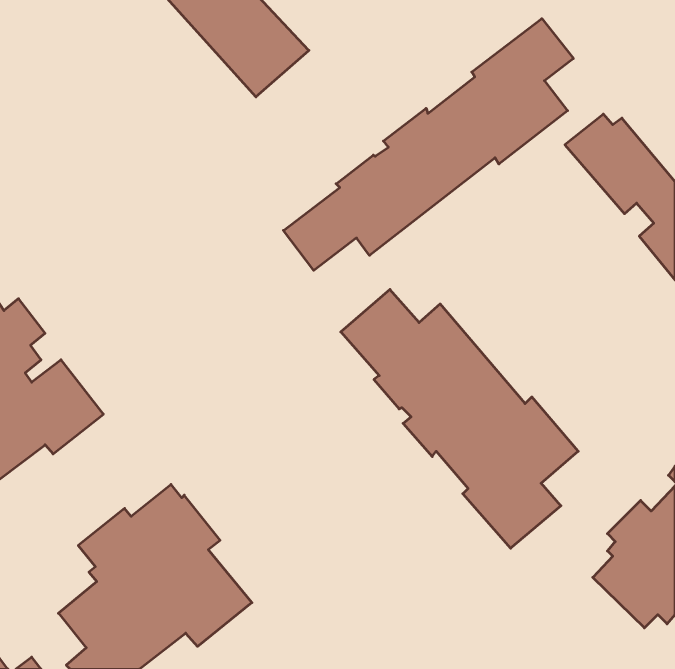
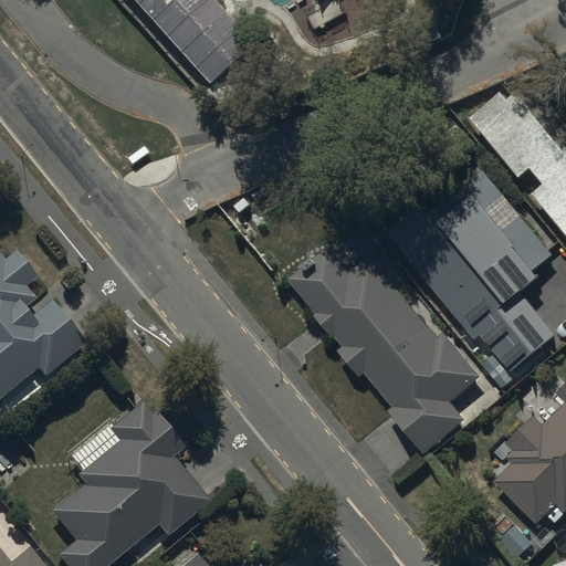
building: [283,19,573,270] -> none
building: none -> [391,167,557,374]

